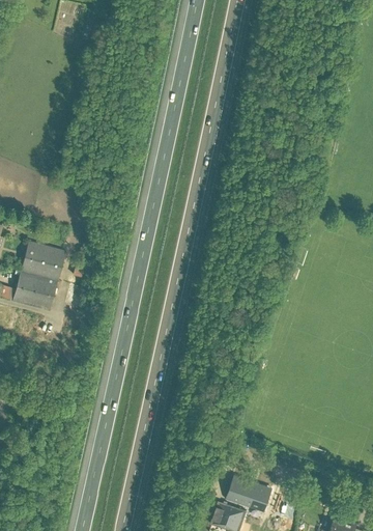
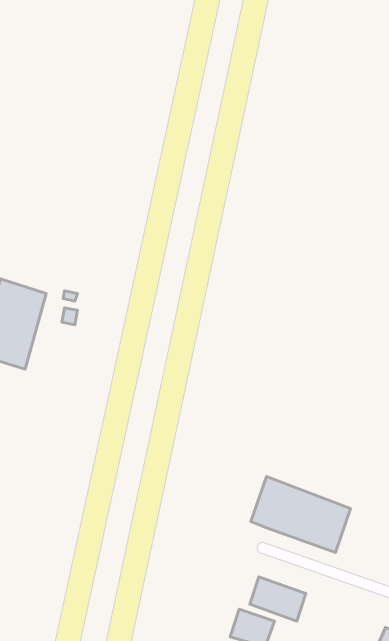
building: none -> [251,477,350,553]

